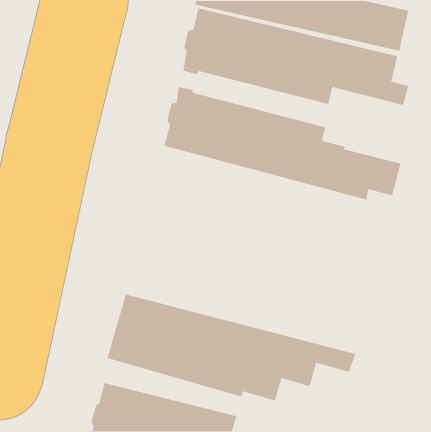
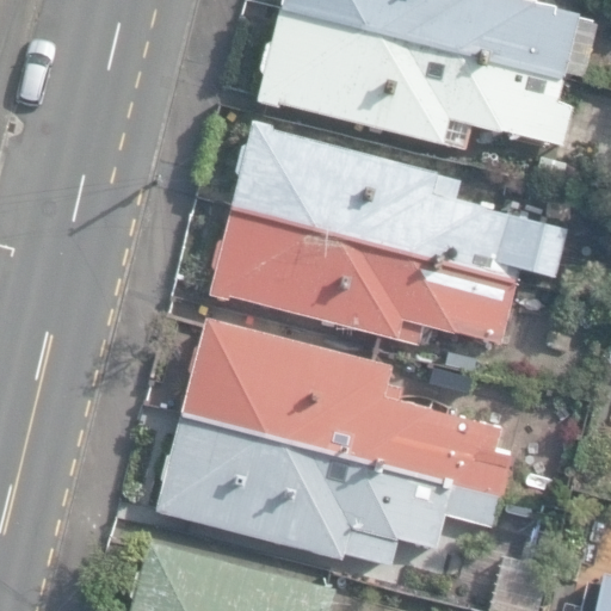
building: none -> [208,206,518,344]
building: none -> [181,319,512,494]

